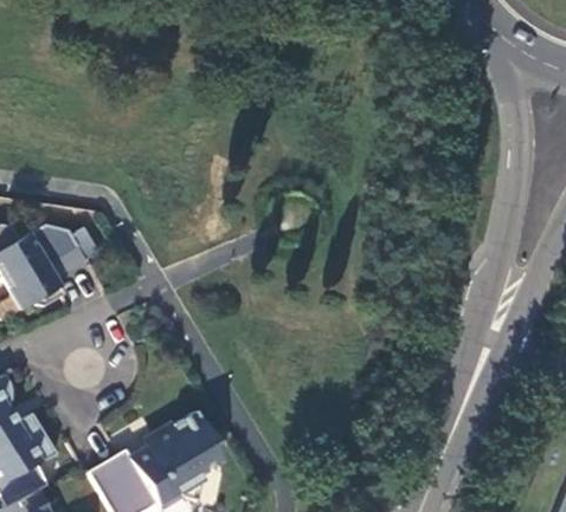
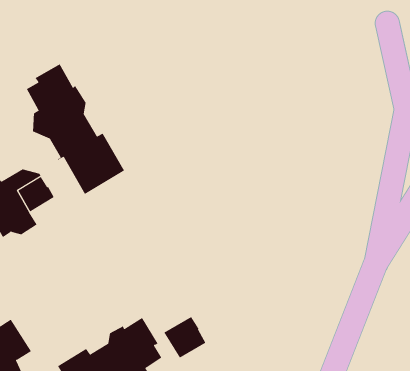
building: none -> [26,64,125,195]
building: none -> [163,316,206,359]

